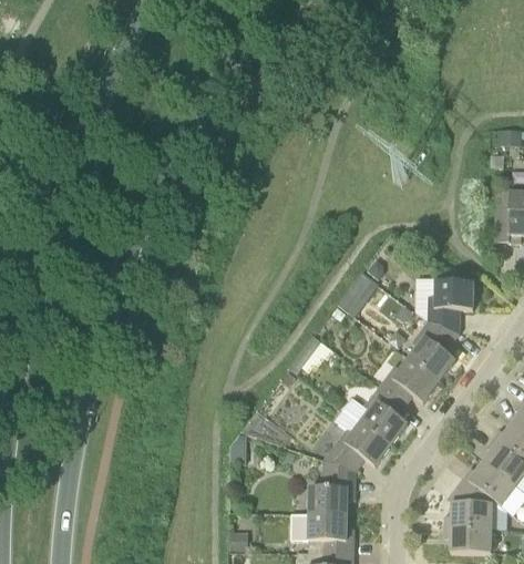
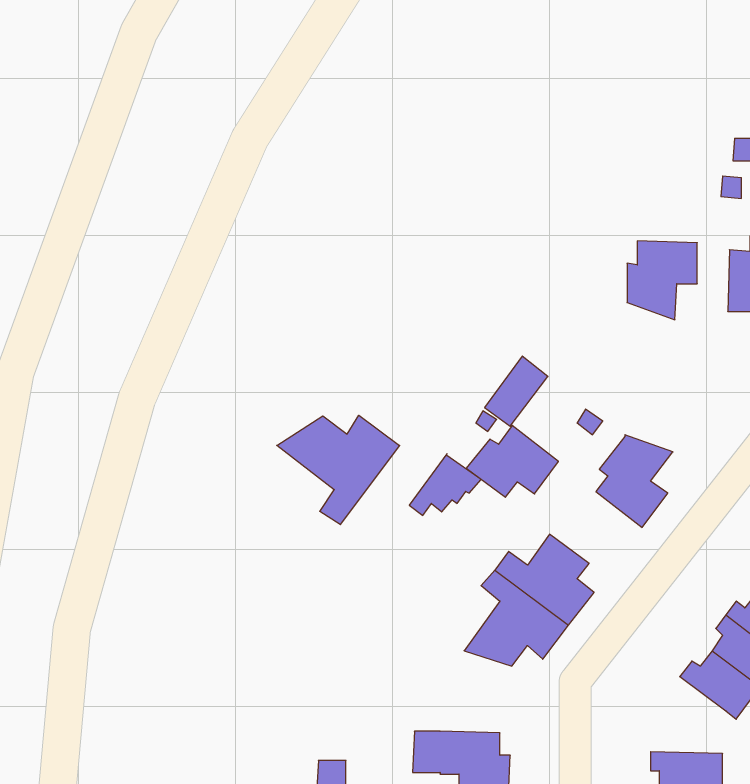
building: [429,280,474,331] -> [627,241,697,320]
building: none -> [277,415,400,525]
building: [380,357,440,403] -> [466,425,558,497]
building: [309,460,356,513] -> none
building: [445,476,494,526] -> none

